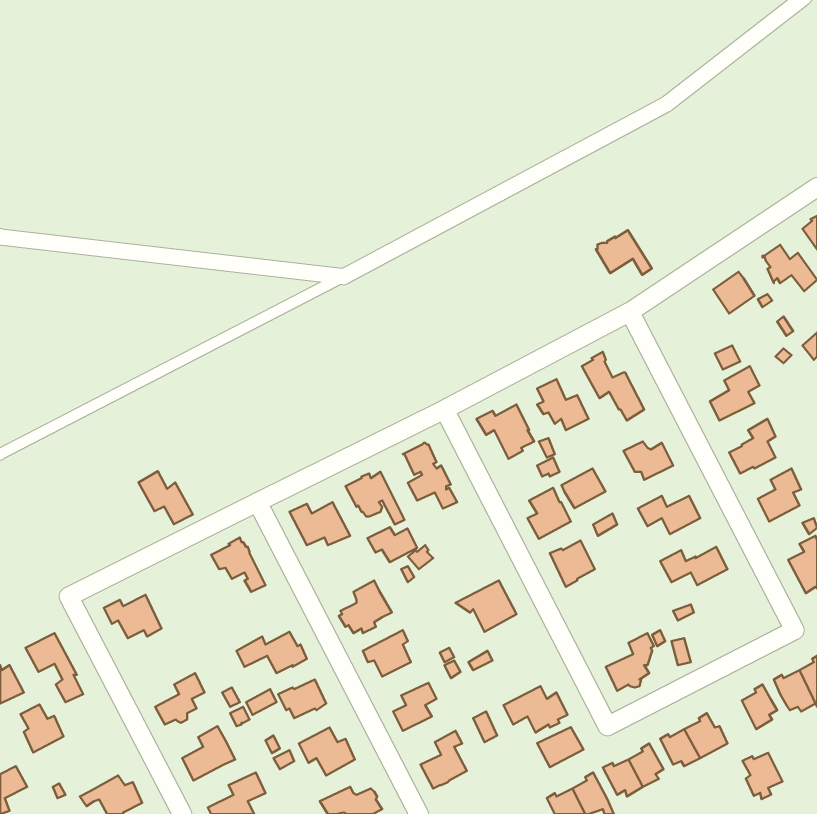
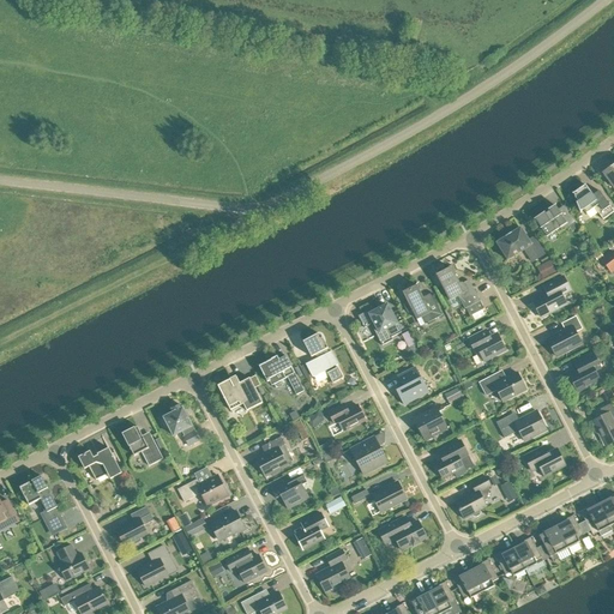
building: [596,230,652,275] -> [496,227,538,260]
building: [561,468,605,508] -> none
building: [139,471,193,524] -> [122,425,163,464]
building: [368,527,417,562] -> [327,403,365,429]
building: none -> [435,439,474,477]
building: none -> [524,444,565,475]
building: [20,705,64,753] -> [56,543,89,579]
building: [537,727,584,767] -> [372,481,407,511]
building: [742,753,782,799] -> [537,525,567,560]

